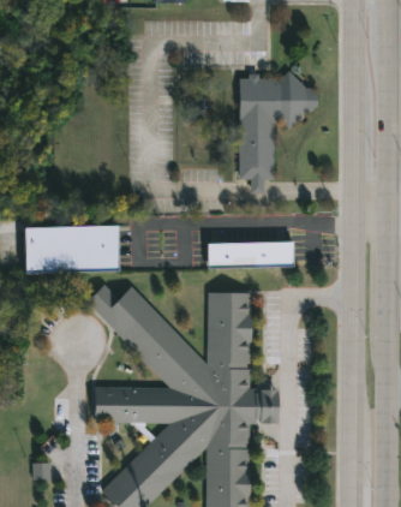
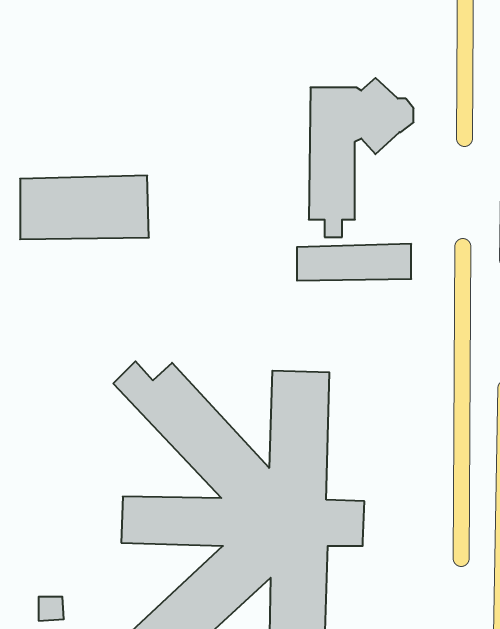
building: [22,223,119,272] -> [20,176,149,239]
building: [203,240,289,268] -> [297,244,411,281]

